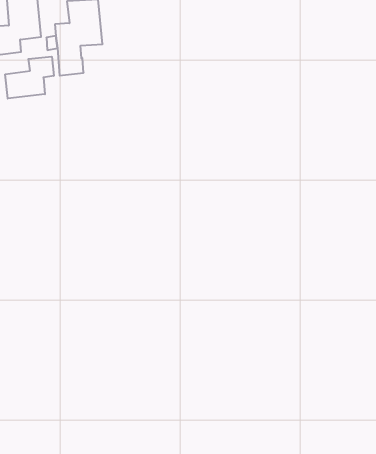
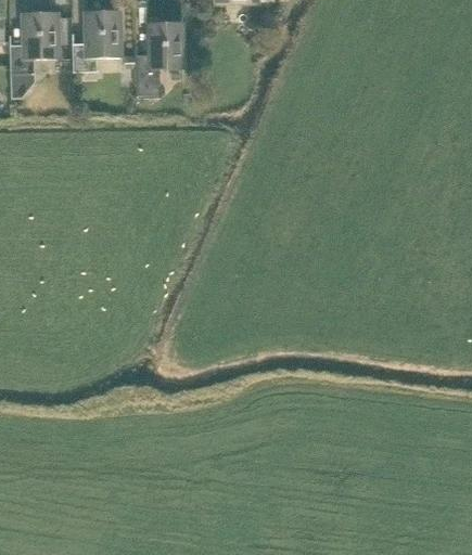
building: [5,57,54,99] -> none

